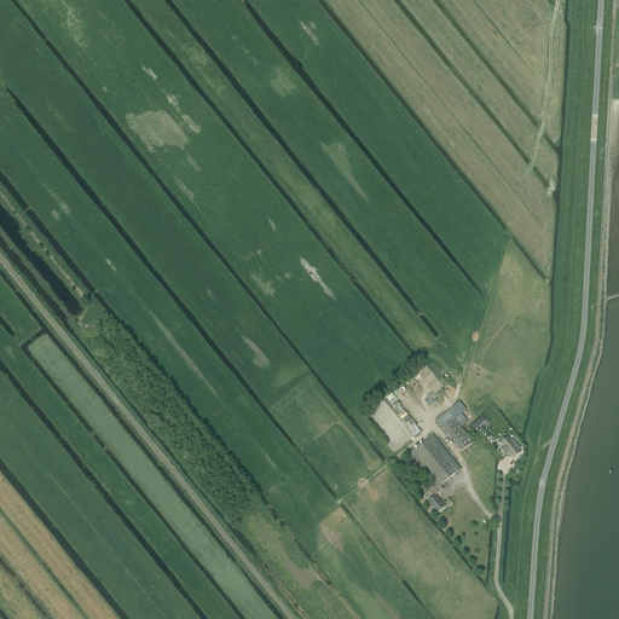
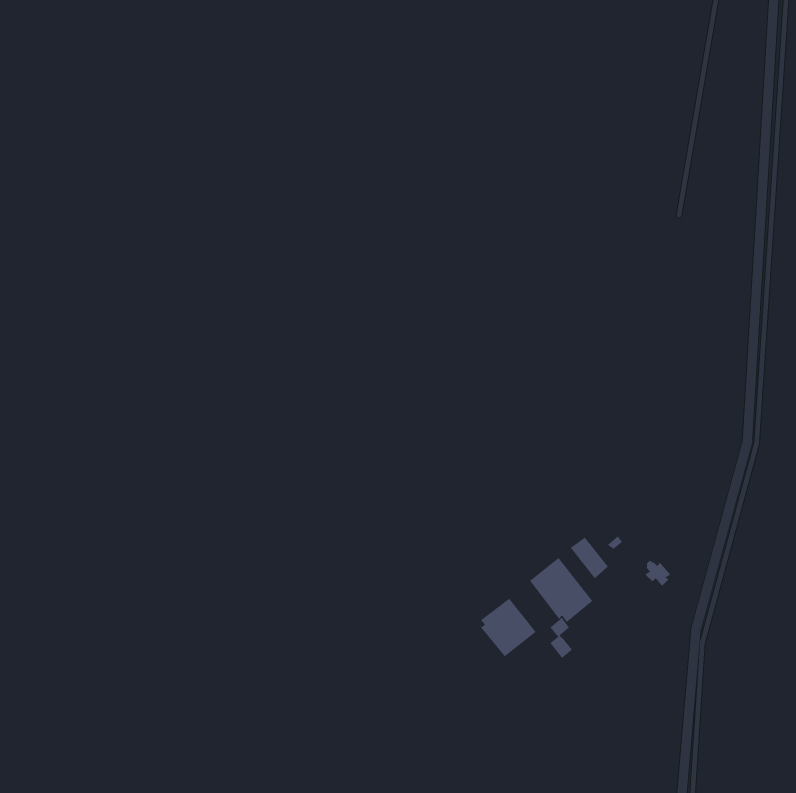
building: none -> [480,598,536,657]

